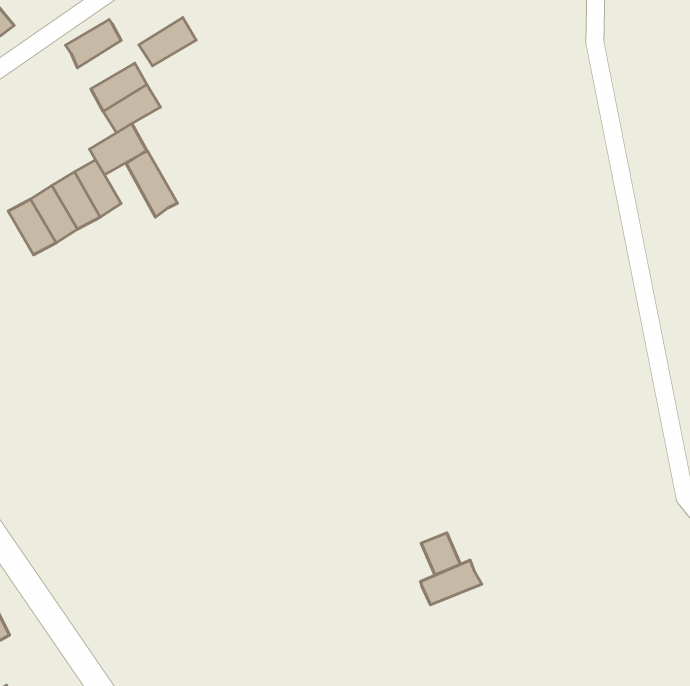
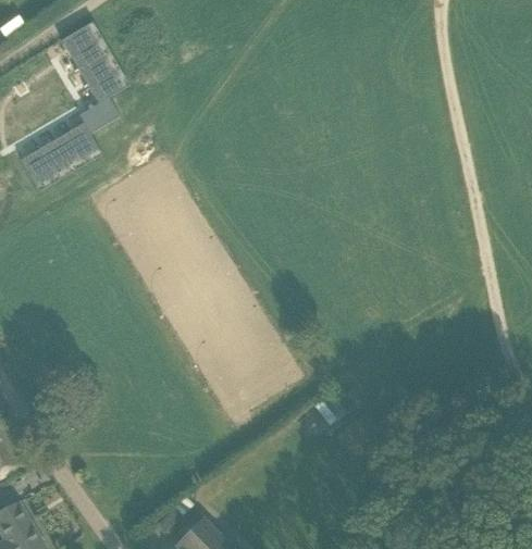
building: [139,18,196,66] -> [66,38,108,73]
building: [126,151,178,217] -> none
building: [420,560,482,605] -> none

